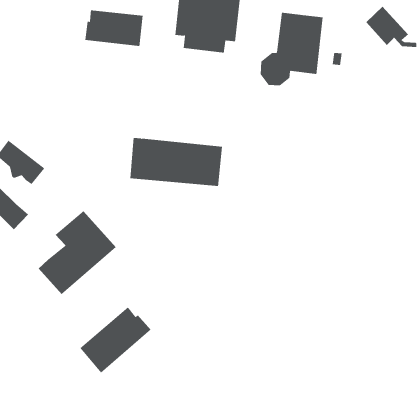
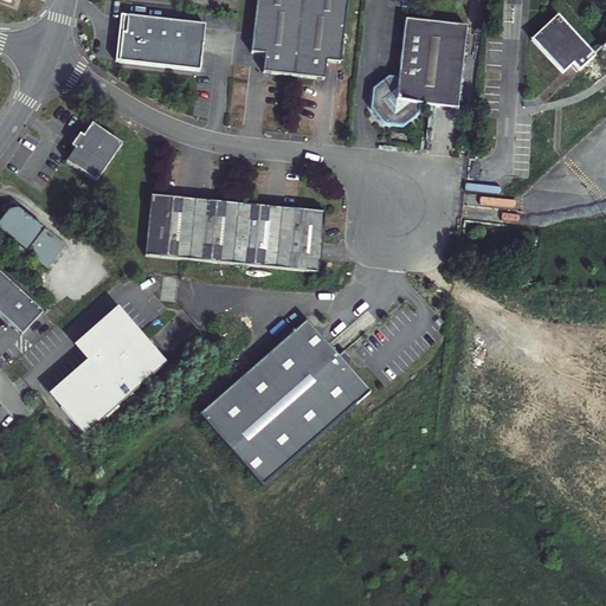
building: none -> [66,120,121,176]
building: none -> [142,194,192,258]
building: none -> [196,318,367,484]
building: [79,306,152,373] -> none

